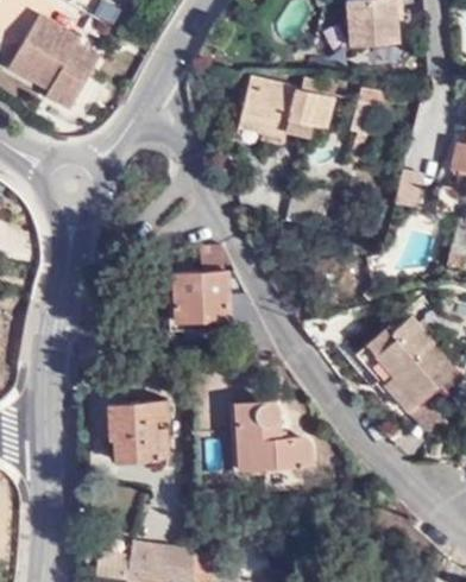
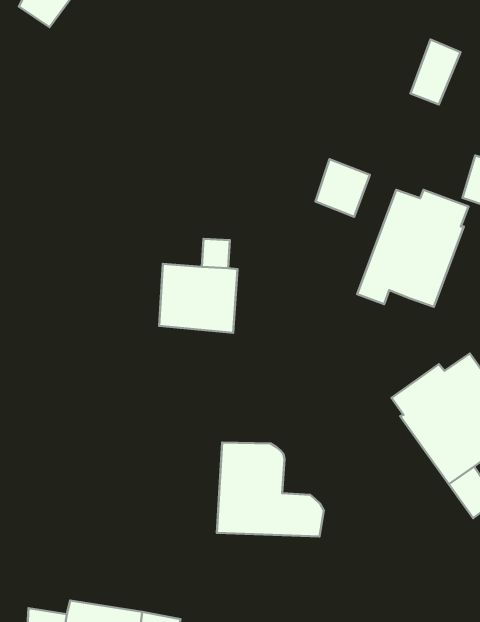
building: [235,72,333,144] -> none
building: none -> [357,190,468,307]
building: [108,401,169,463] -> none

